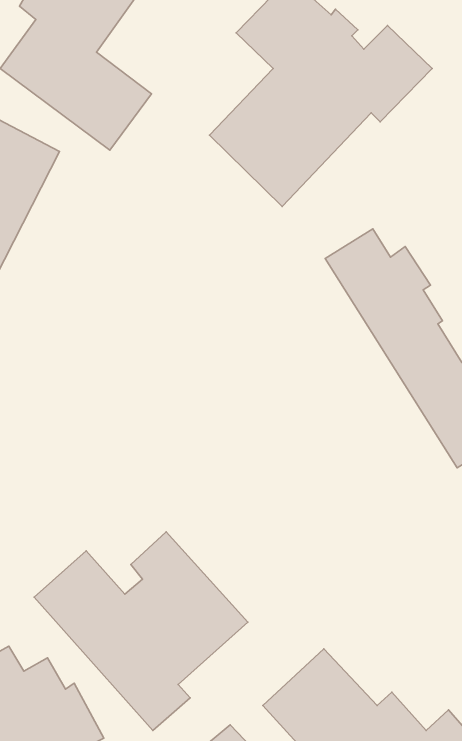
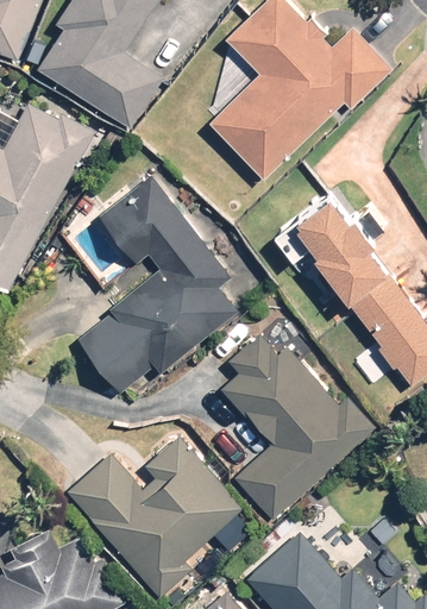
building: none -> [77,177,238,393]
building: none -> [224,338,373,517]

